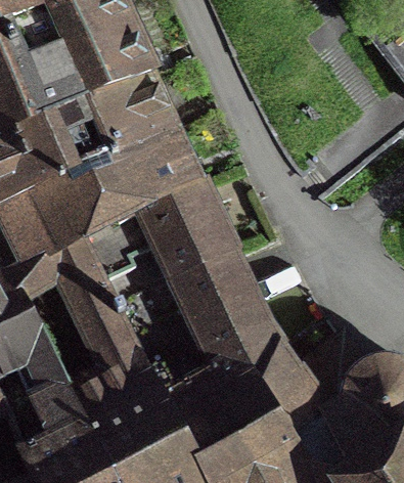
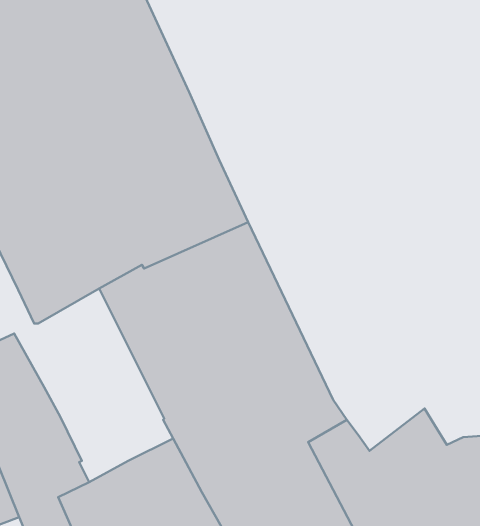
building: [15,243,145,384] -> none

